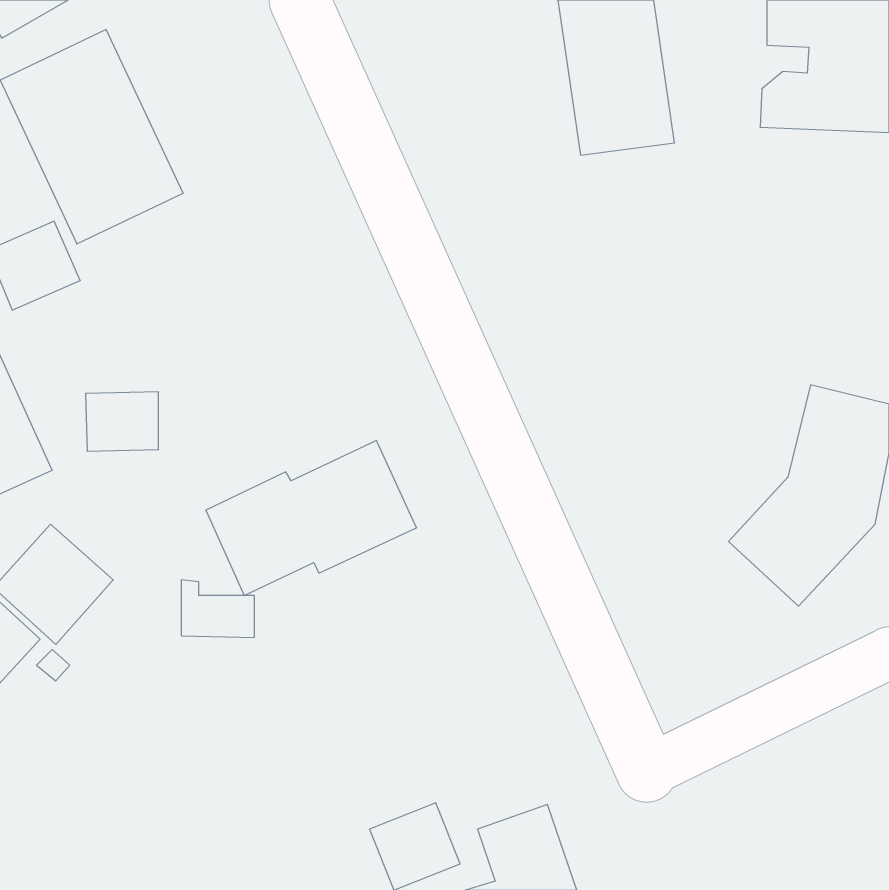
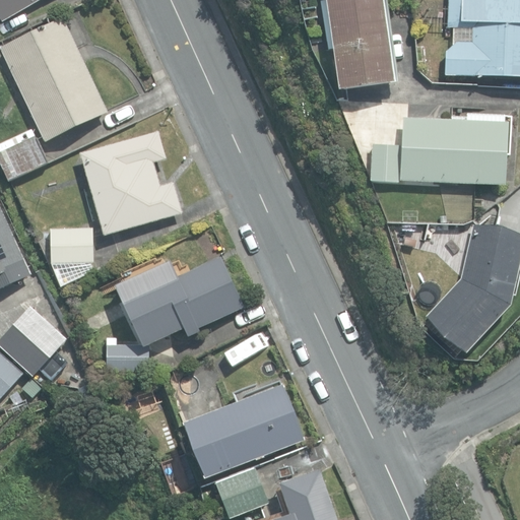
building: none -> [370,116,511,186]
building: none -> [80,131,182,235]
building: none -> [183,384,303,477]

